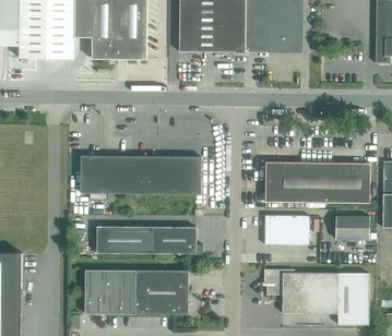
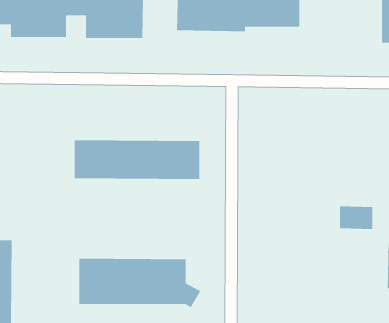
building: [265,161,370,203] -> none
building: [264,215,310,245] -> none
building: [97,226,203,254] -> none
building: [264,269,369,327] -> none

